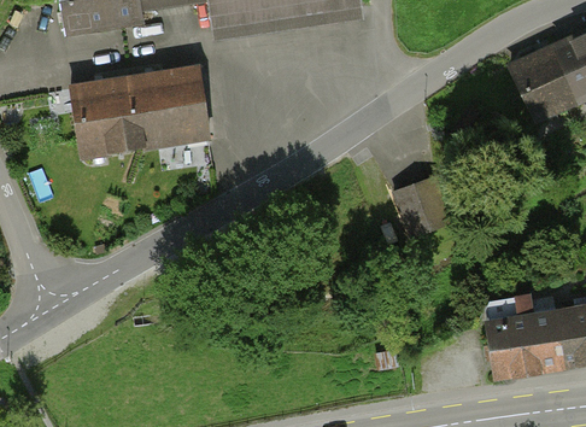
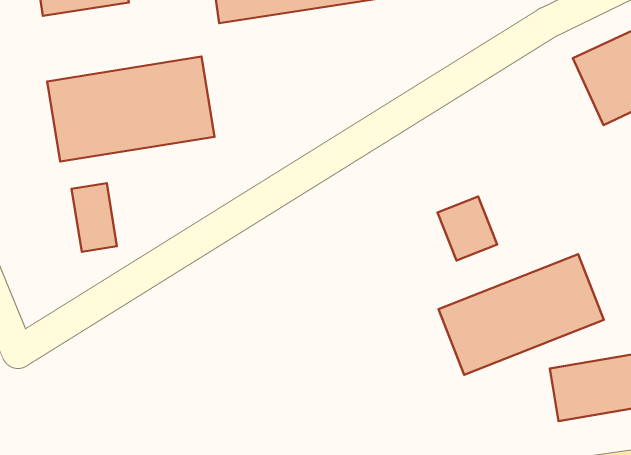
building: none -> [72,183,117,252]
building: none -> [438,254,604,375]

